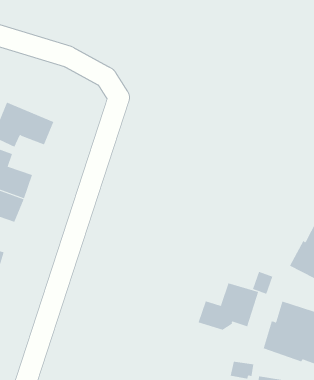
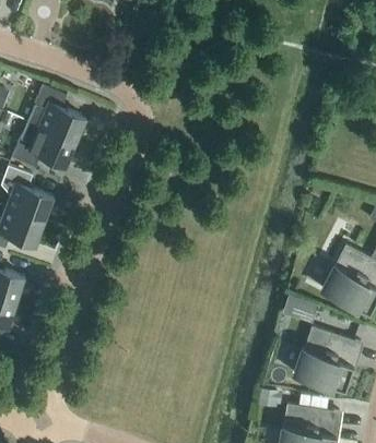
building: none -> [26,85,86,142]
building: [198,283,259,330] -> none

